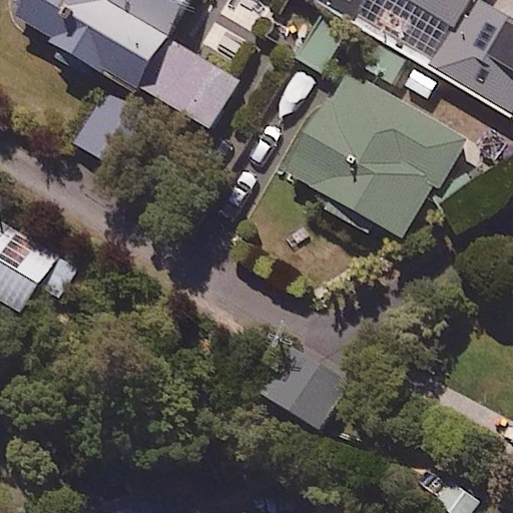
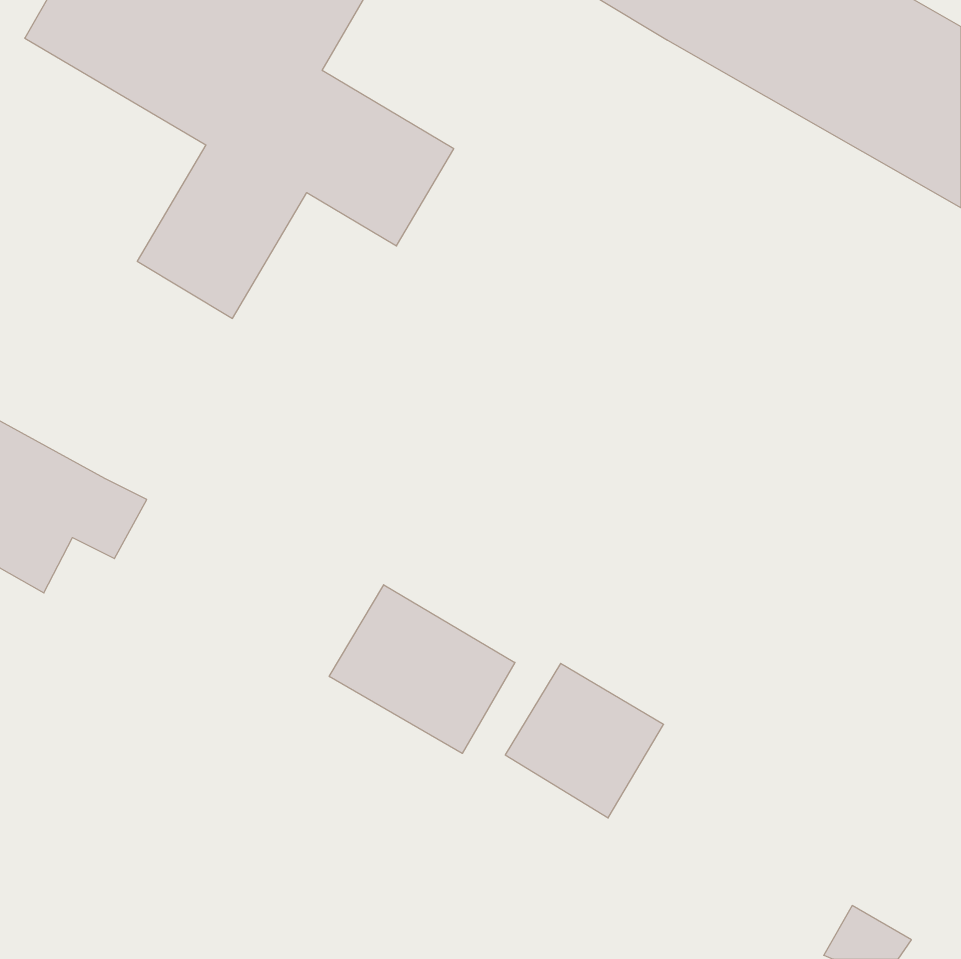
building: [280,71,468,247] -> none
building: none -> [329,585,515,753]

